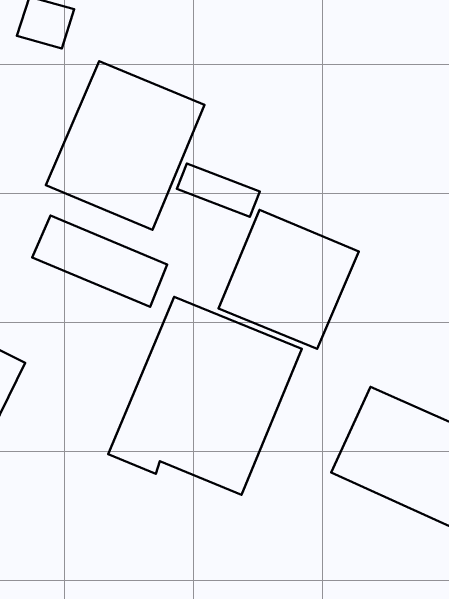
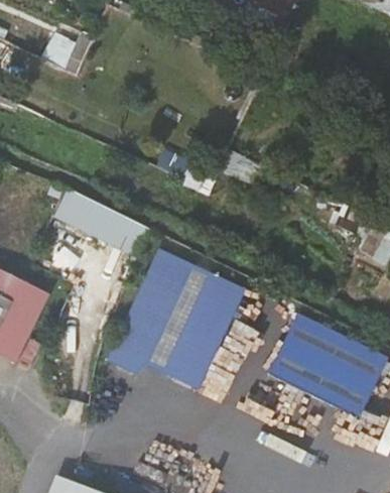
building: [46,61,204,230] -> none
building: [219,210,359,349] -> none

